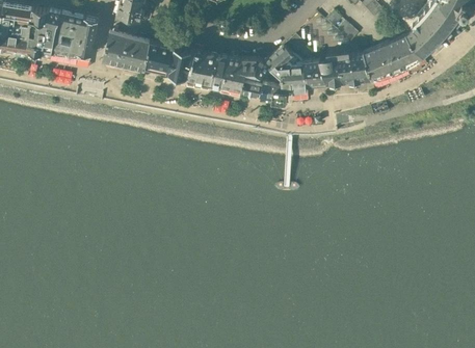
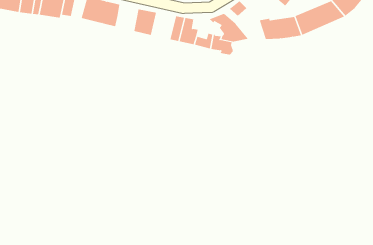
building: [144,41,171,73] -> none
building: [188,50,217,83] -> none
building: [238,58,268,77] -> none
building: [301,60,326,84] -> none

